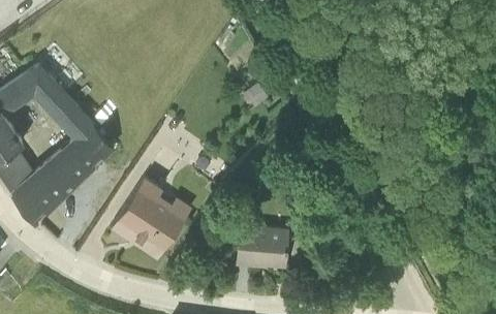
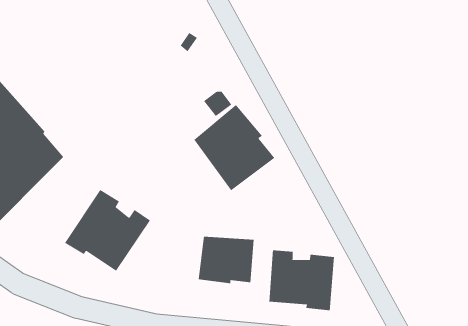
building: none -> [193,104,275,191]
building: none -> [269,250,334,311]

